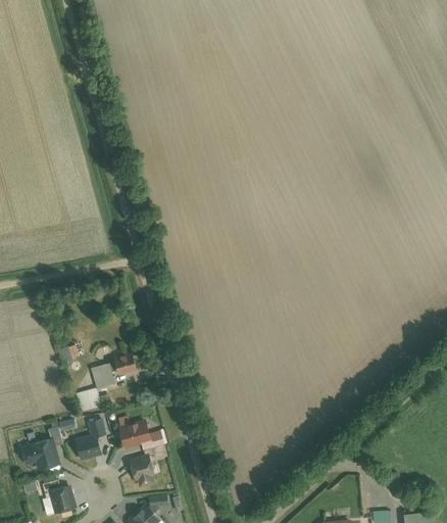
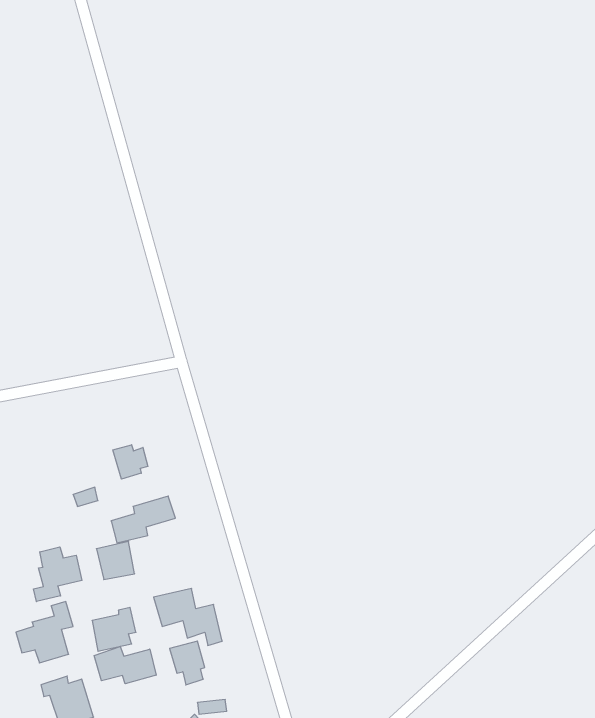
building: none -> [113,445,148,479]
building: none -> [34,547,82,602]
building: none -> [94,646,156,684]

